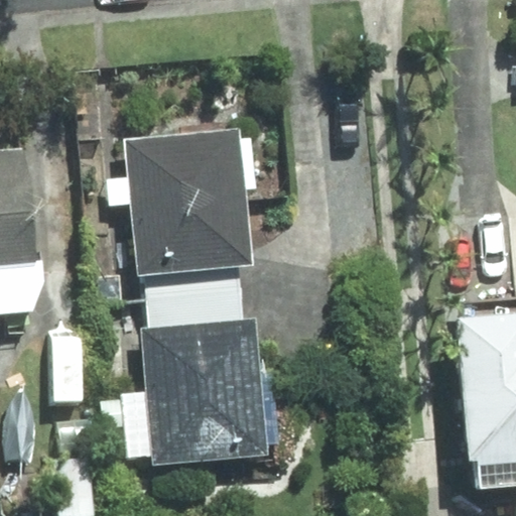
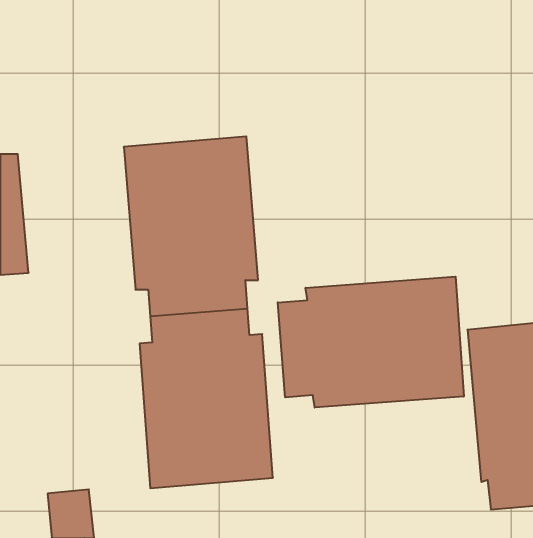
building: none -> [278,277,464,408]

